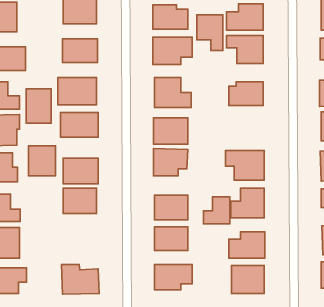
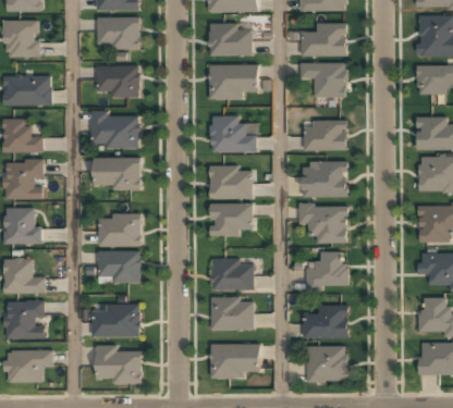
building: [197,15,223,50] -> none
building: [26,89,51,123] -> none
building: none -> [303,161,347,196]
building: [28,146,55,176] -> none
building: [203,197,230,224] -> none
building: none -> [93,308,139,336]

